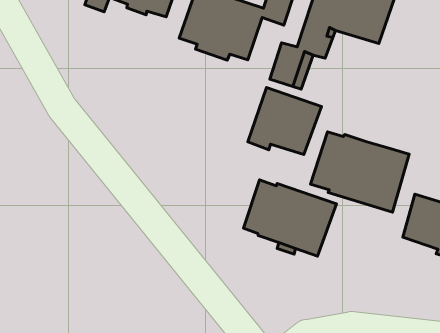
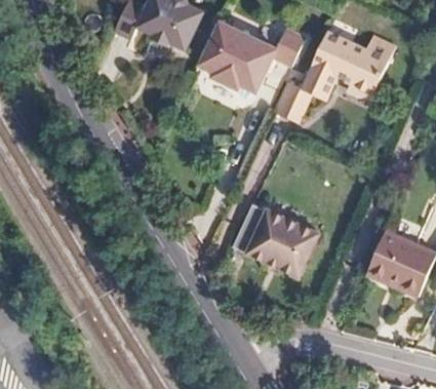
building: [248,88,322,154] -> none
building: [311,132,409,212] -> none

